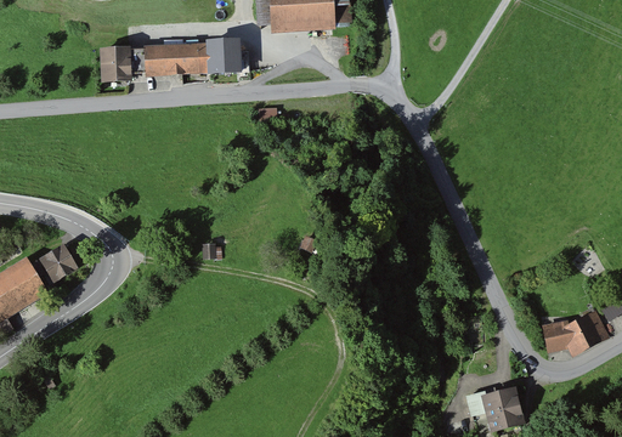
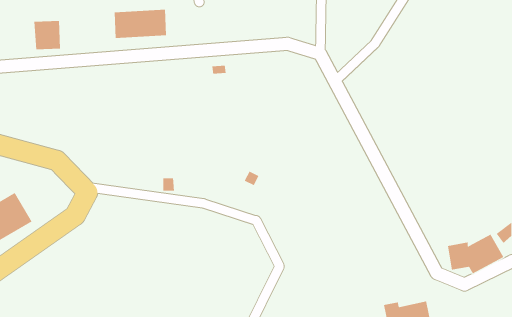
building: [205,36,241,73] -> none
building: [98,46,131,81] -> [33,21,61,50]
building: [40,248,78,284] -> none

